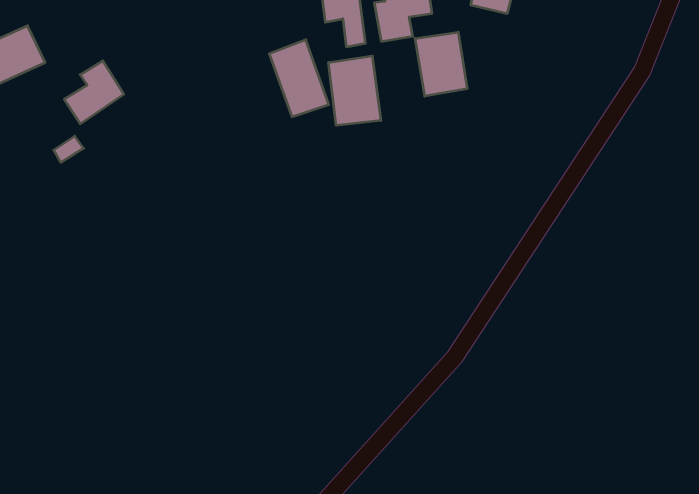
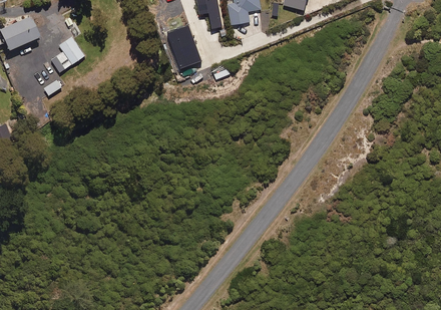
building: [415,32,467,96] -> none
building: [329,56,381,125] -> none

